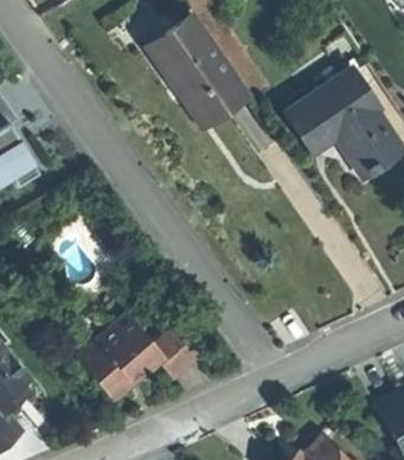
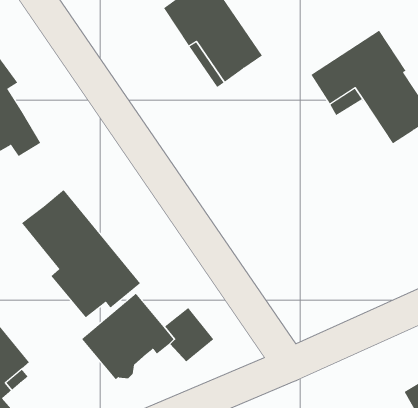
building: none -> [21,189,141,318]

